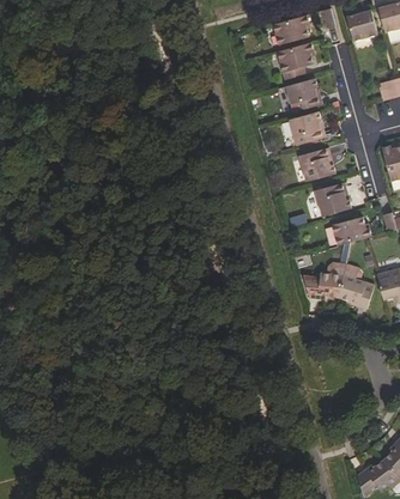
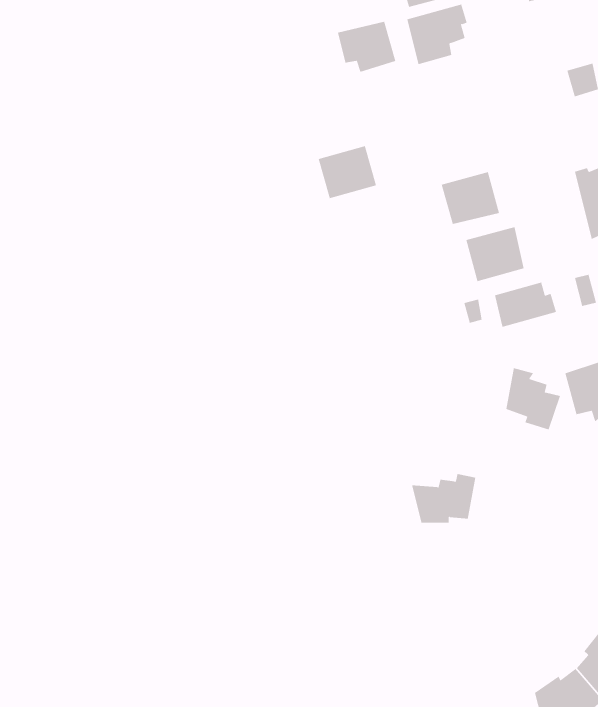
building: [286,77,323,109] -> [337,21,396,73]
building: [290,110,327,144] -> [318,146,377,199]
building: [304,267,345,298] -> [411,474,476,523]

